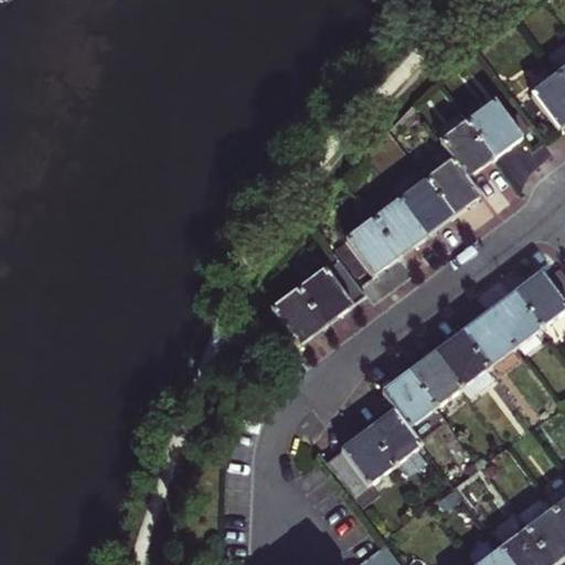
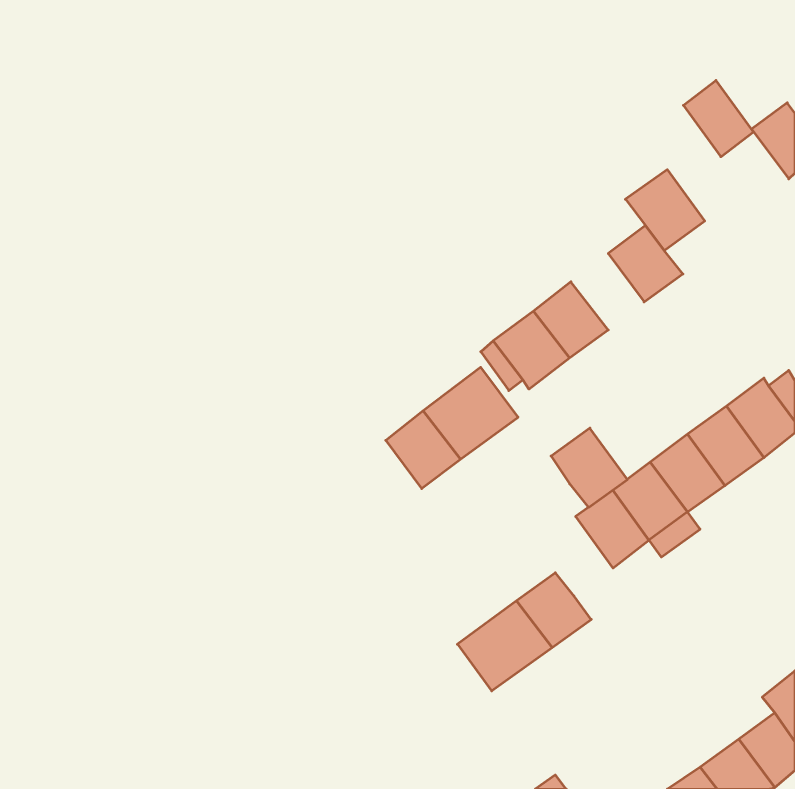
building: [473,103,523,157] -> [683,80,753,157]
building: [405,180,457,234] -> none
building: [381,366,435,423] -> [551,428,627,507]

